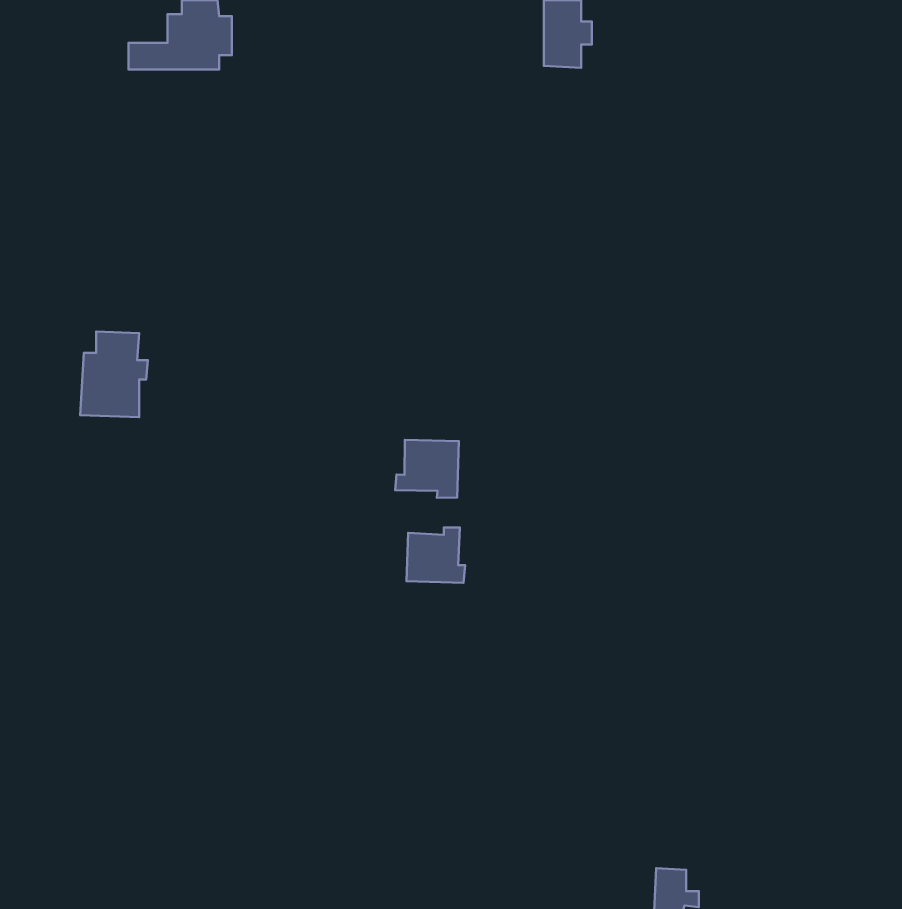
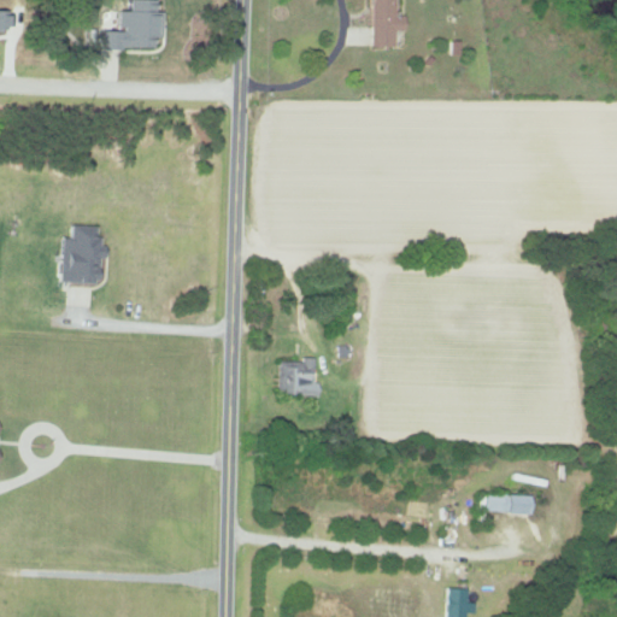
building: [395,440,459,498] -> none
building: none -> [487,495,533,513]

